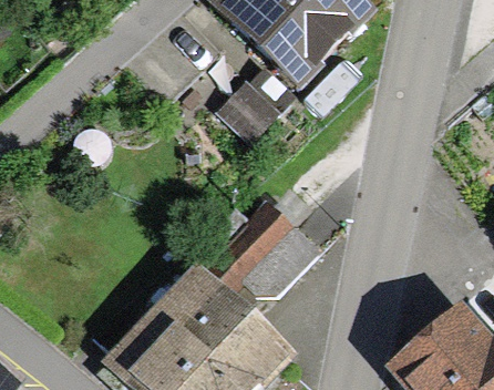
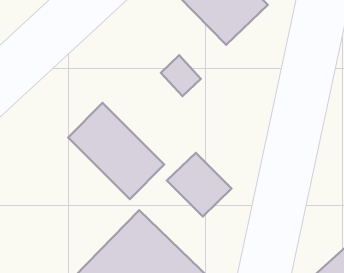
building: none -> [68,103,164,199]

